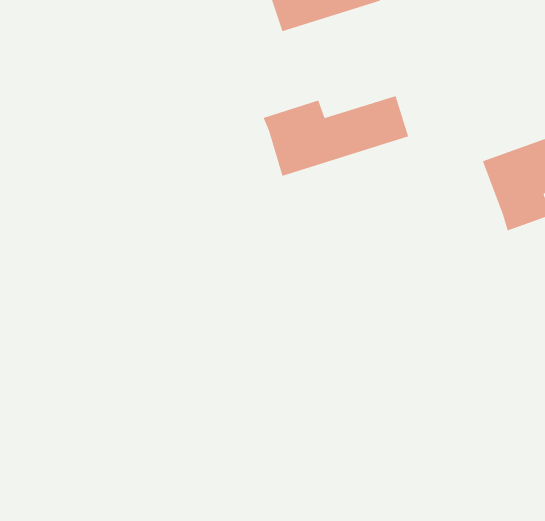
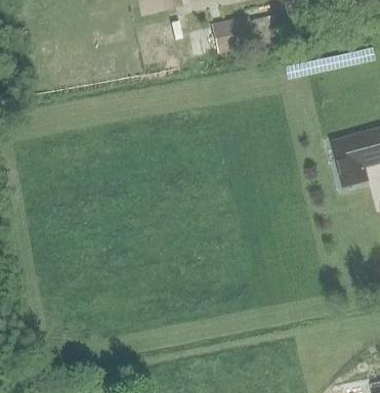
building: [263,95,409,177] -> none

